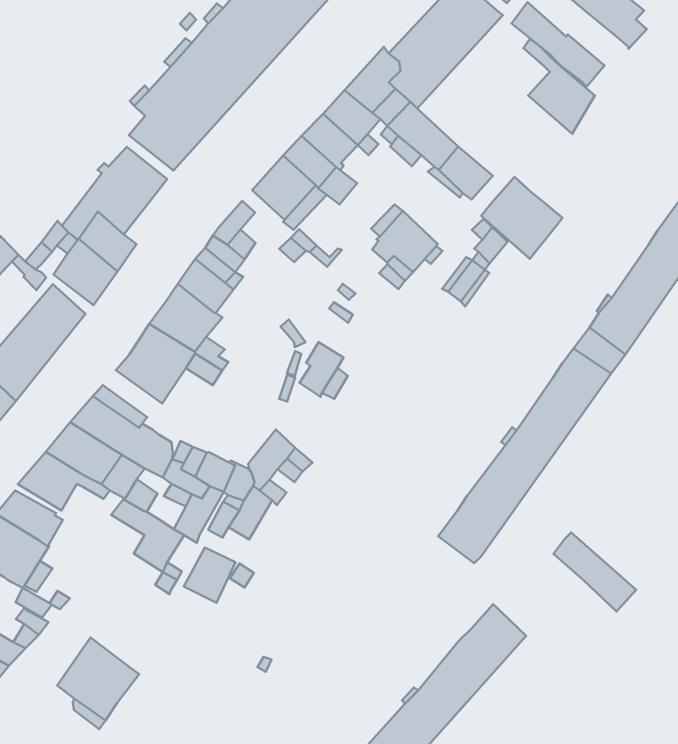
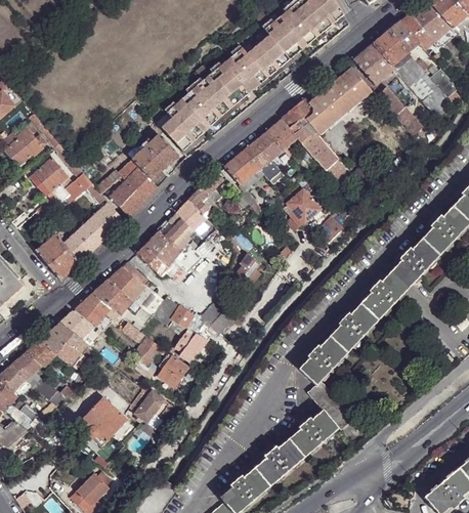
building: [524,39,595,134] -> none
building: [481,177,563,259] -> none
building: [553,533,636,612] -> [308,382,350,428]
building: none -> [133,390,172,423]

